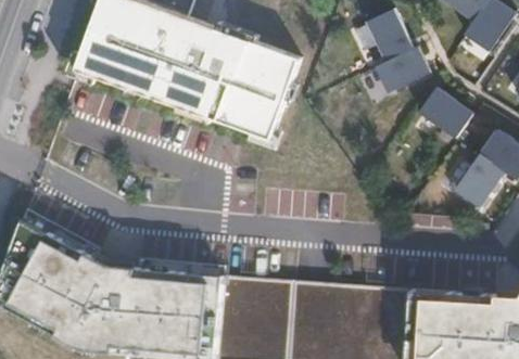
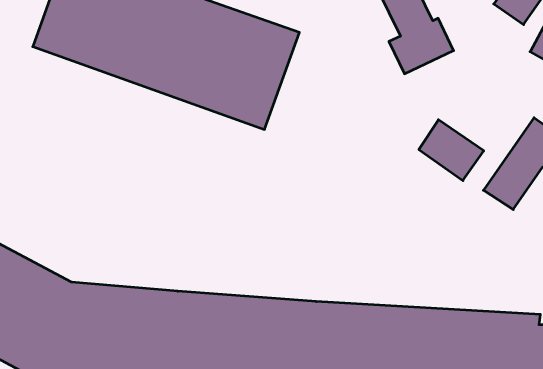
building: [420,87,474,138] -> [419,120,484,181]

